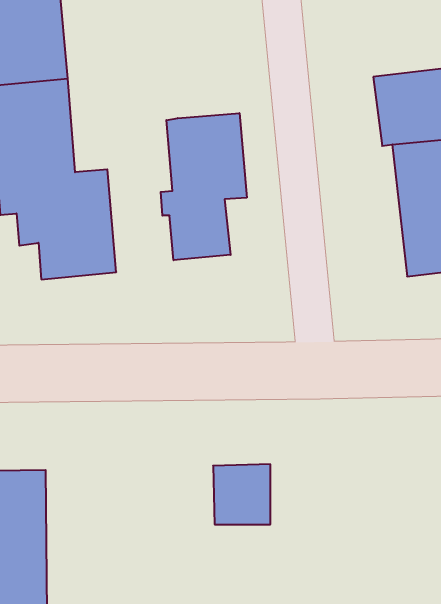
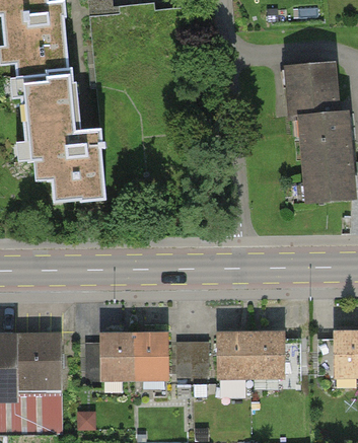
building: [161,113,247,260] -> none
building: none -> [216,333,284,373]
building: none -> [98,334,166,374]

